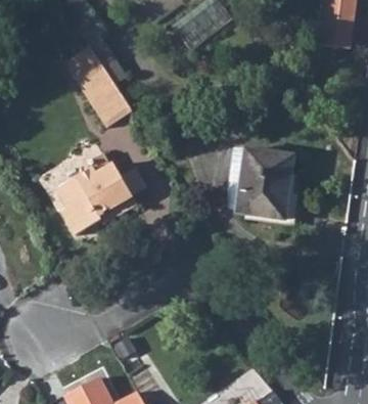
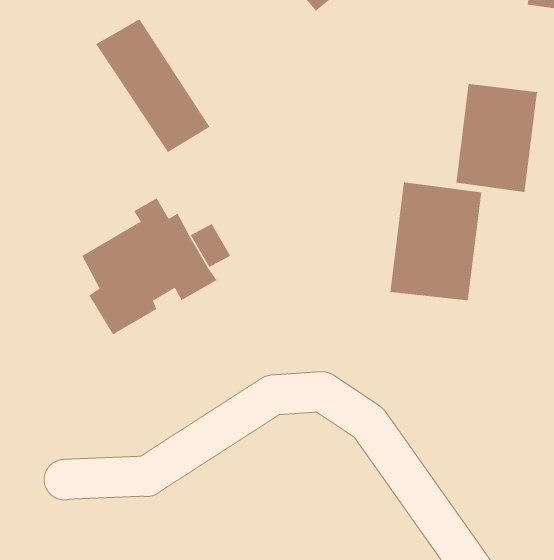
building: none -> [456,83,538,193]

